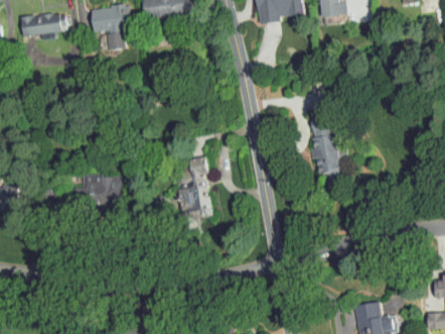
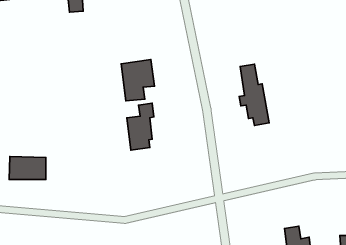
building: none -> [121,60,154,101]
building: [80,176,123,203] -> [9,157,46,180]

